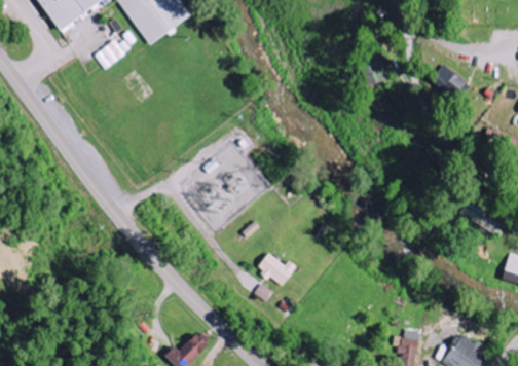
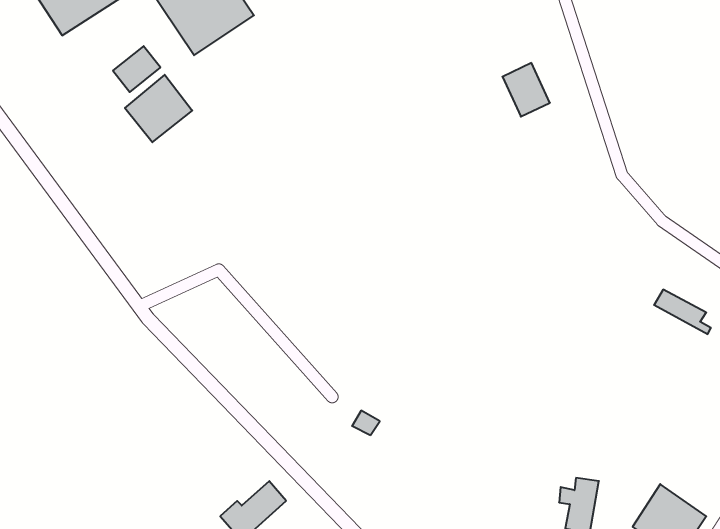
building: none -> [125,75,192,142]
building: [431,64,468,98] -> none
building: [259,253,298,287] -> none

